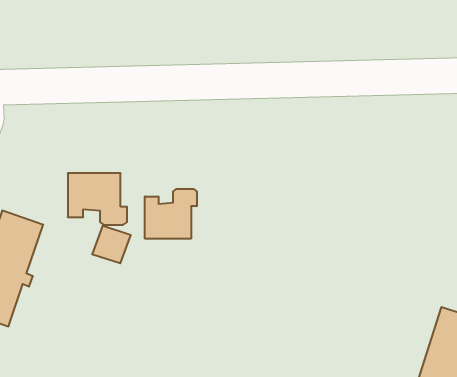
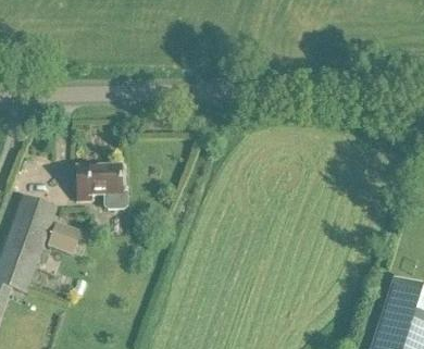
building: [145,189,197,239] -> none
building: [92,226,131,263] -> [48,221,80,252]

